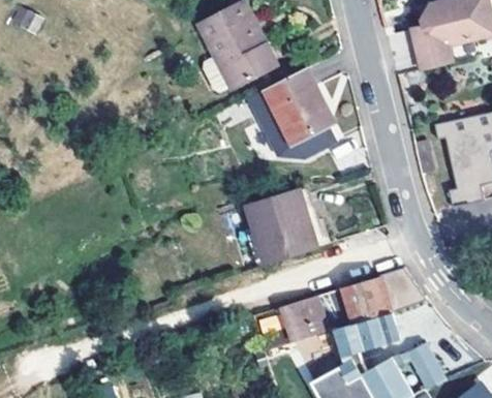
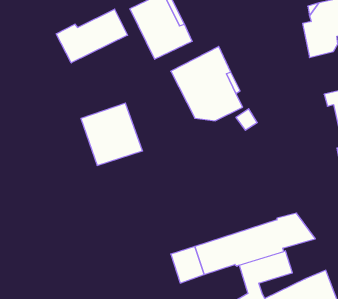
building: none -> [56,9,128,63]
building: [244,185,318,261] -> [81,103,143,165]

